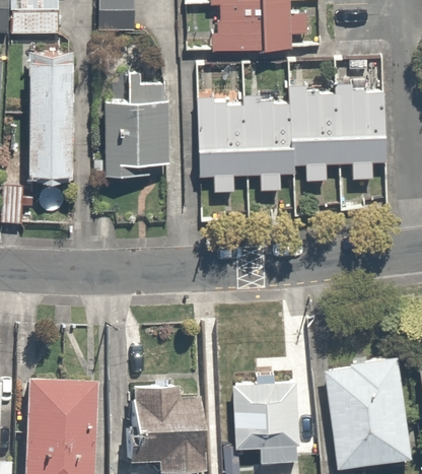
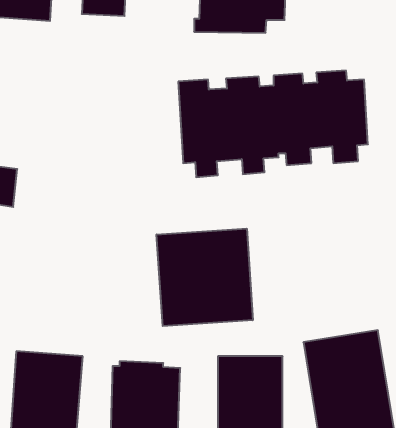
building: [27,51,76,180] -> none
building: [101,82,174,177] -> none
building: none -> [157,229,253,326]

